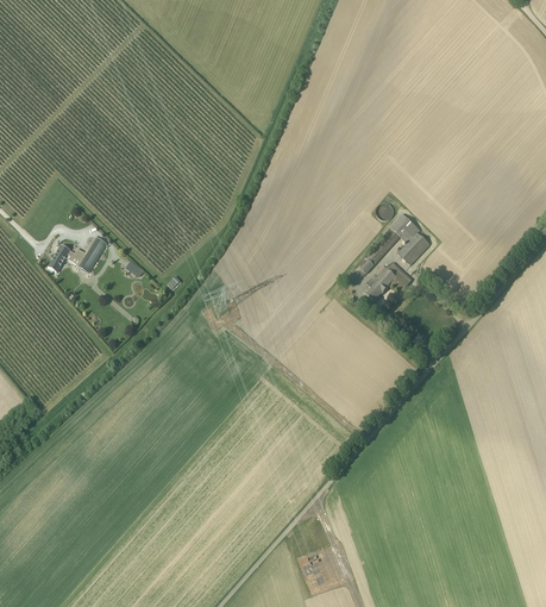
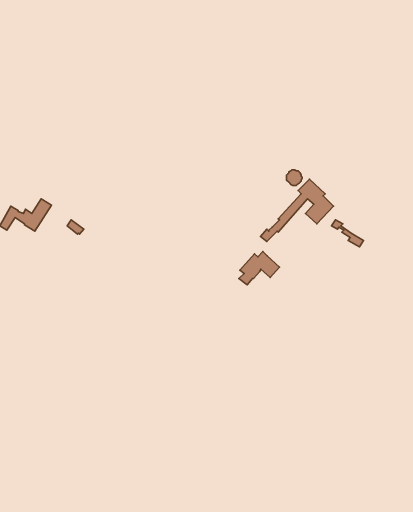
building: [366,262,413,300] -> [239,252,280,285]

